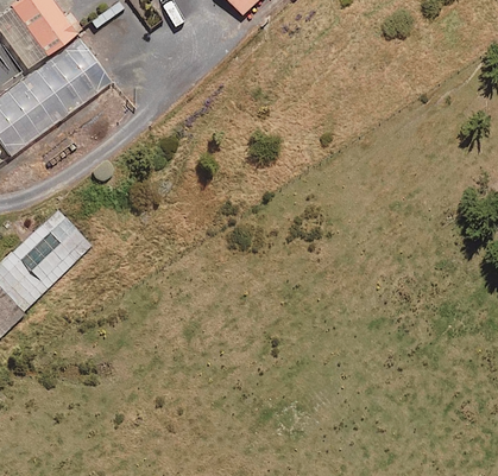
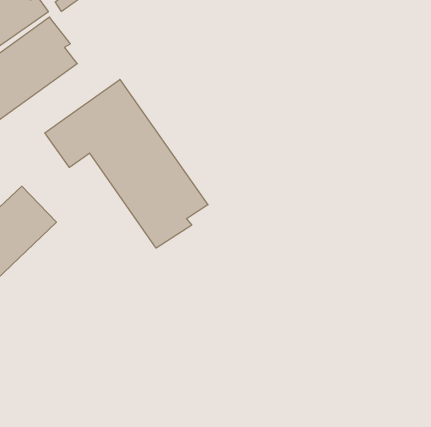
building: none -> [45,79,208,248]

